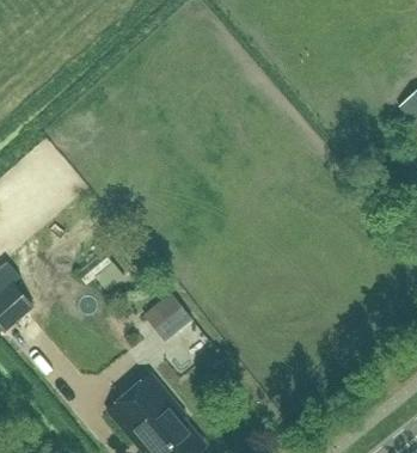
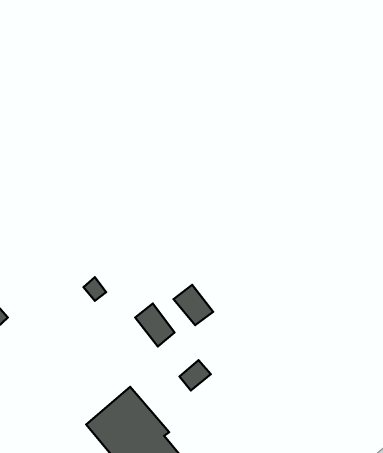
building: none -> [174,285,213,325]

